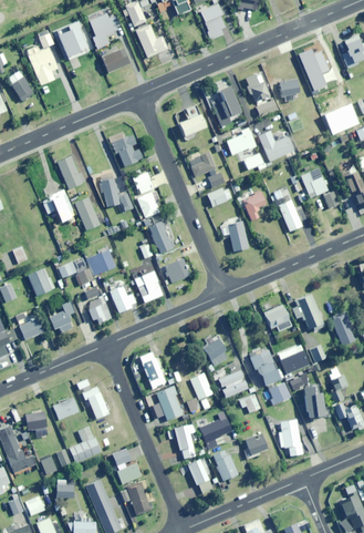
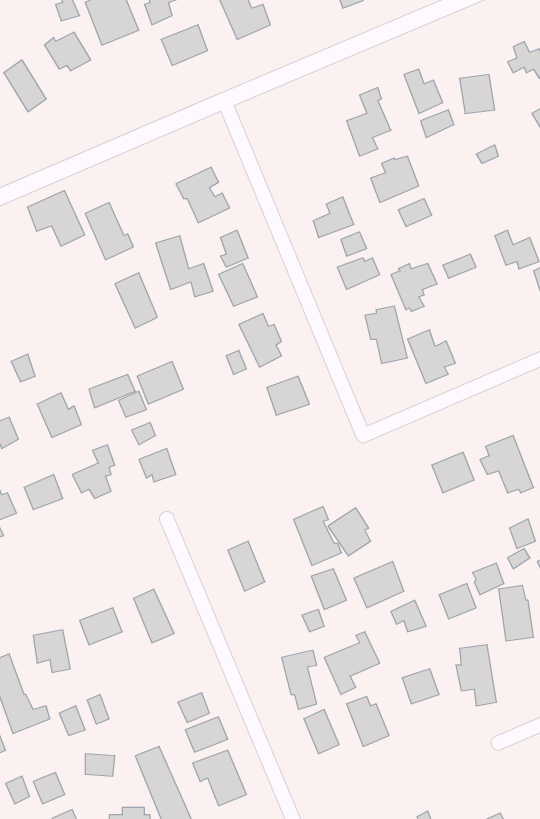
building: [178,104,205,136] -> none
building: [258,131,293,162] -> none
building: [41,189,75,223] -> [27,191,85,246]
building: [278,199,306,232] -> [407,330,456,383]
building: [134,271,163,303] -> none
building: [110,281,136,314] -> none
building: [278,345,309,375] -> none
building: [251,350,280,386] -> none
building: [156,386,185,421] -> [293,506,342,566]
building: [69,427,101,463] -> none

